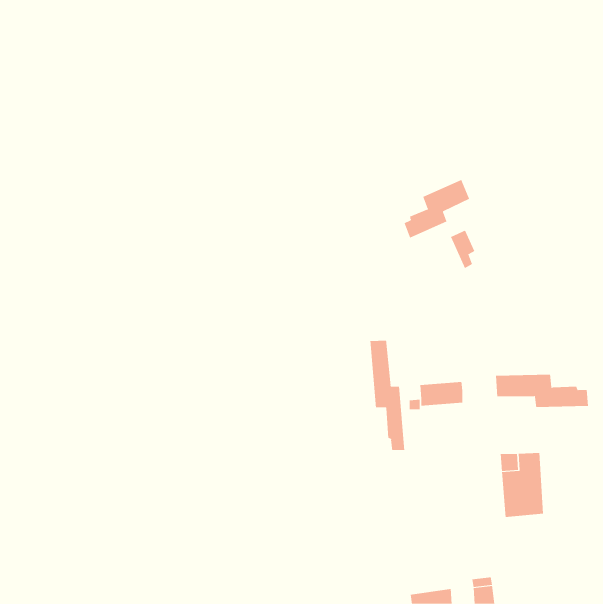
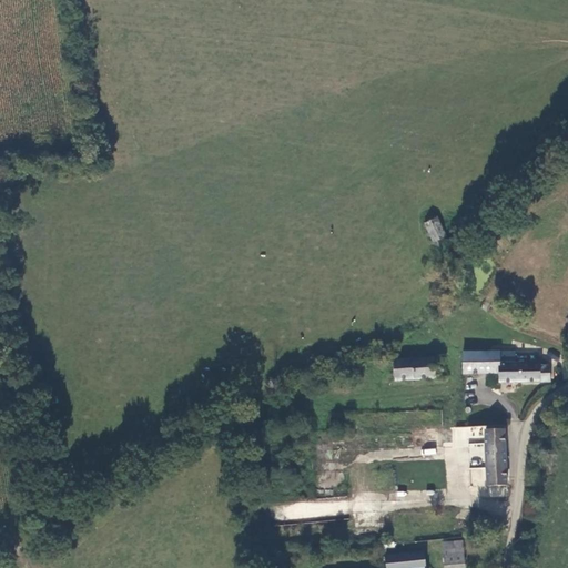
building: [404,179,470,238] -> none
building: [370,340,405,451] -> none

